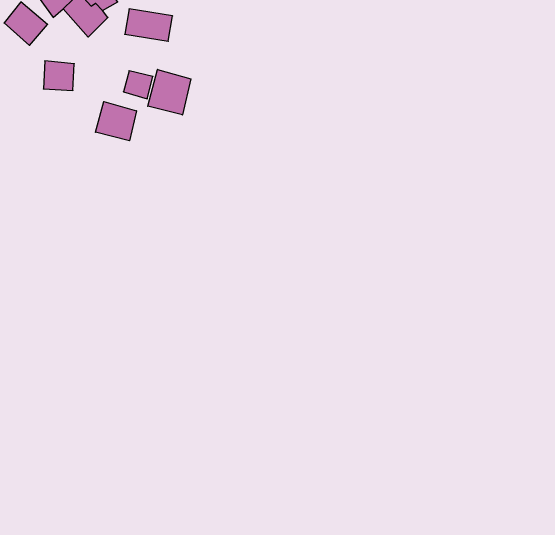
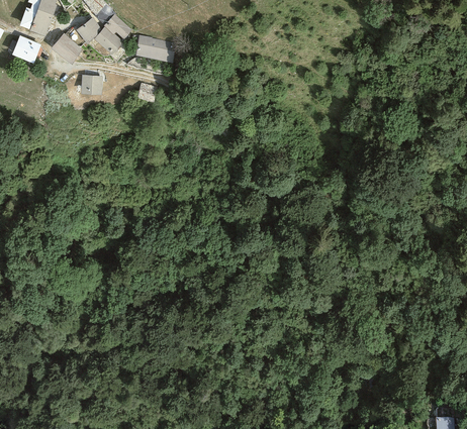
building: [148,69,191,115] -> none
building: [95,102,136,141] -> none

